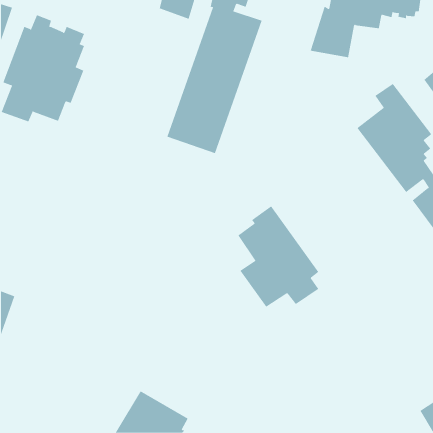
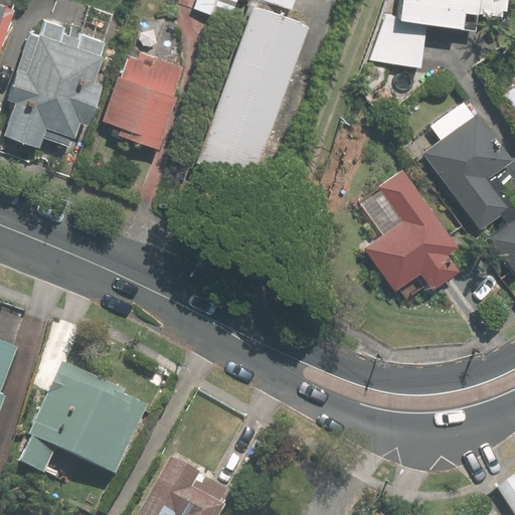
building: none -> [104,50,182,148]
building: [238,206,319,308] -> [363,168,460,289]
building: none -> [22,322,147,478]

